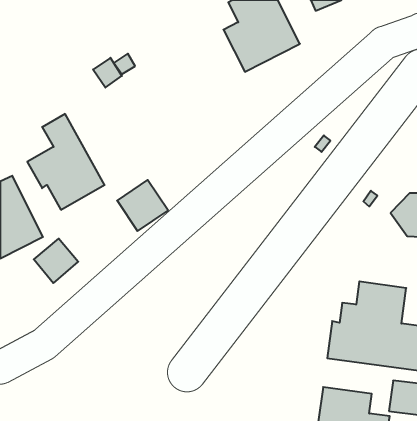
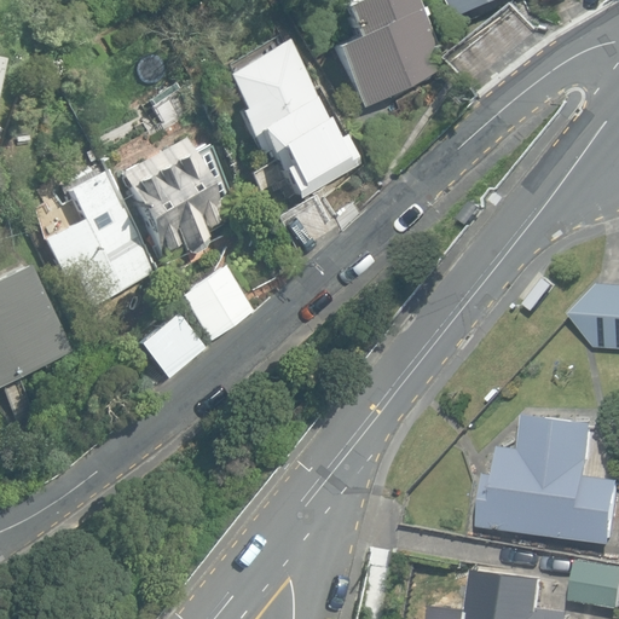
building: none -> [226,37,361,198]
building: none -> [121,137,232,260]
building: [34,239,78,283] -> [137,311,202,376]

